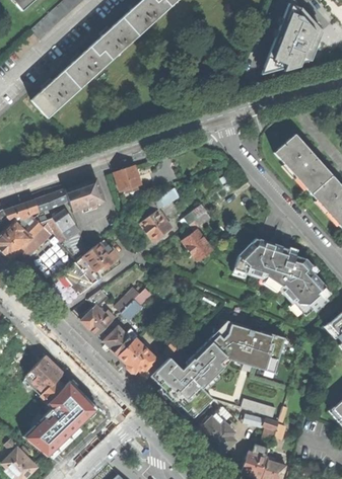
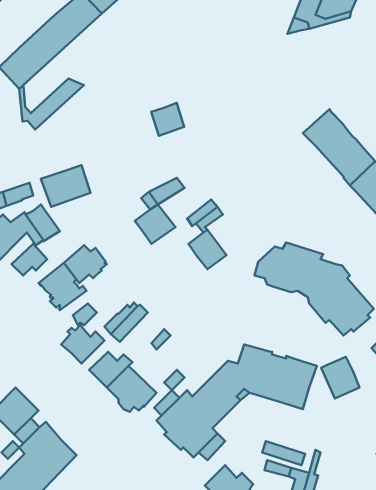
building: none -> [19,78,84,130]
building: [115,165,141,191] -> [151,103,184,136]
building: none -> [321,357,359,399]

